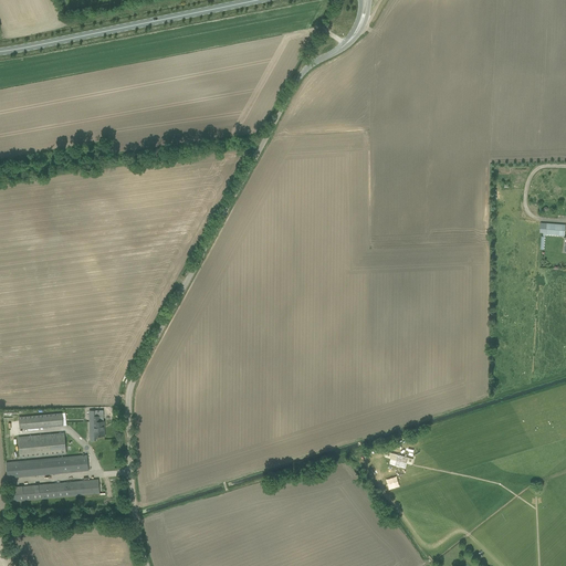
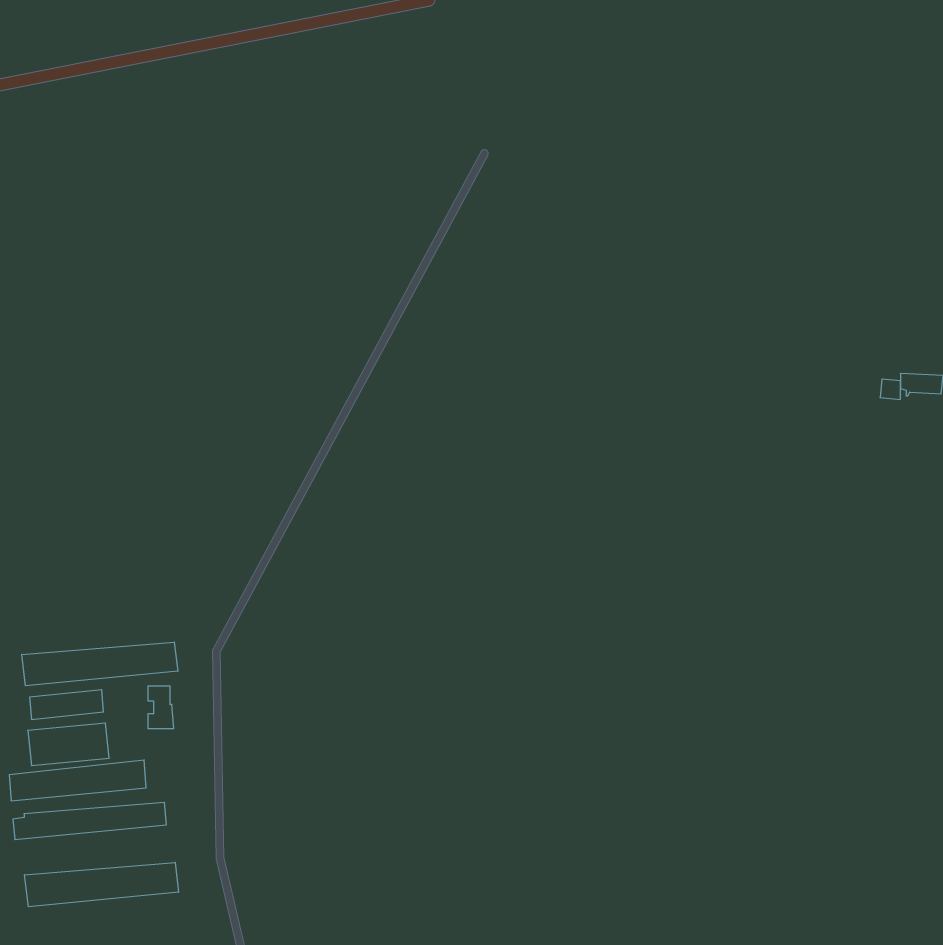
building: none -> [22,642,178,686]
building: none -> [25,862,179,907]

